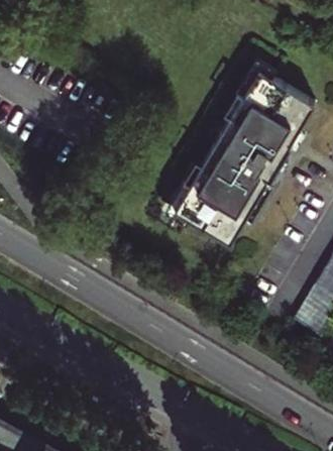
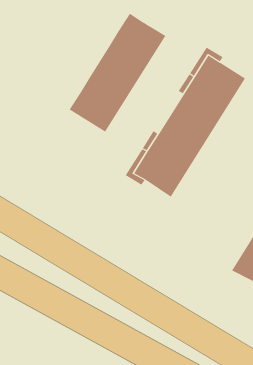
building: none -> [69,13,166,133]

